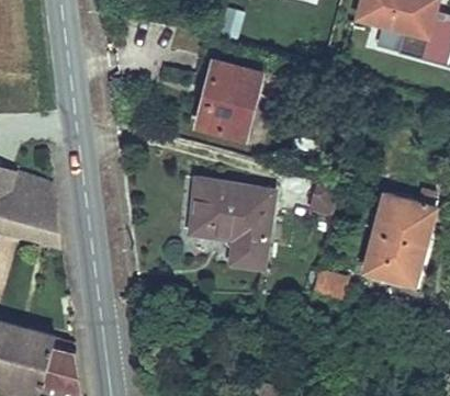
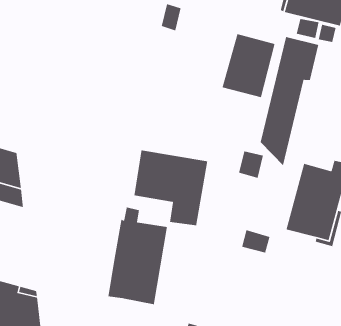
building: none -> [260,36,319,167]
building: [198,61,260,137] -> [222,33,276,98]
building: none -> [108,207,168,305]

